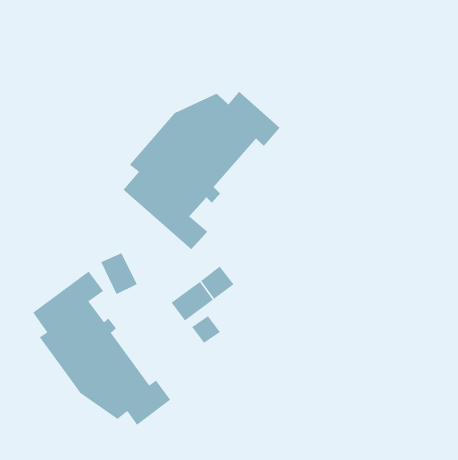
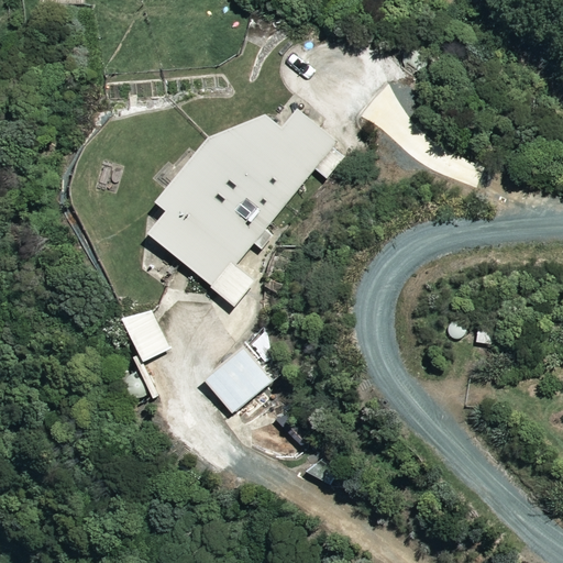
building: [32,270,171,426] -> none

